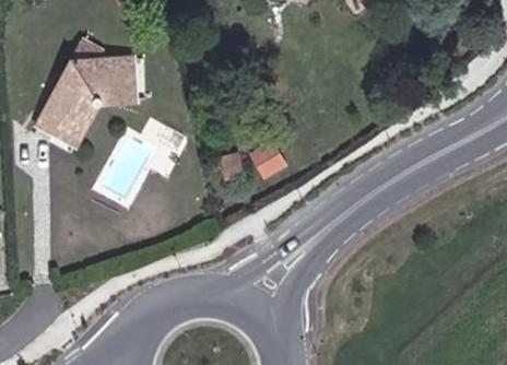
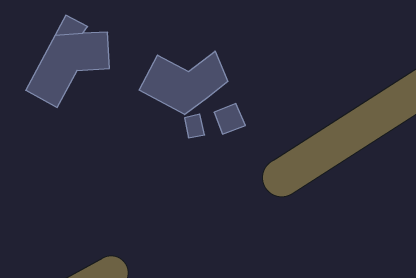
building: none -> [139,51,228,115]

